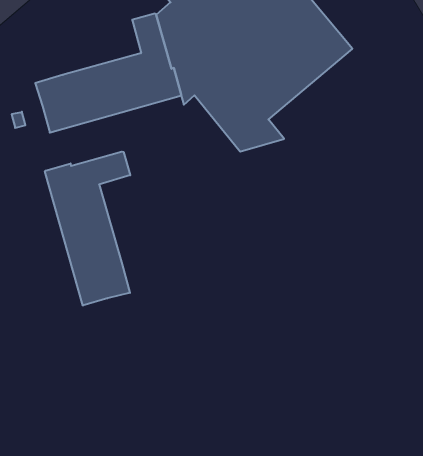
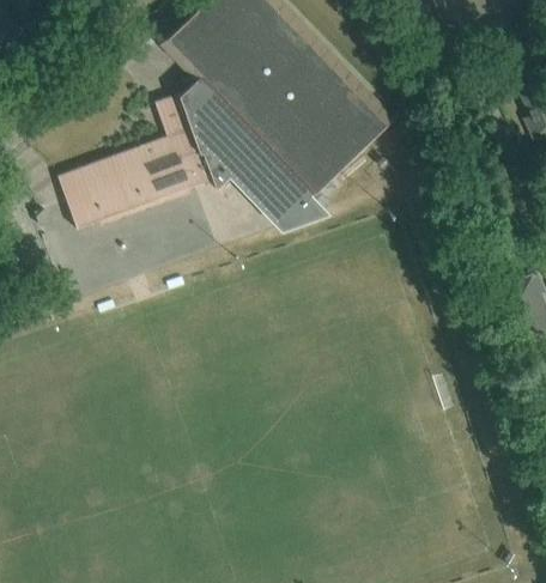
building: [45,152,130,306] -> none

